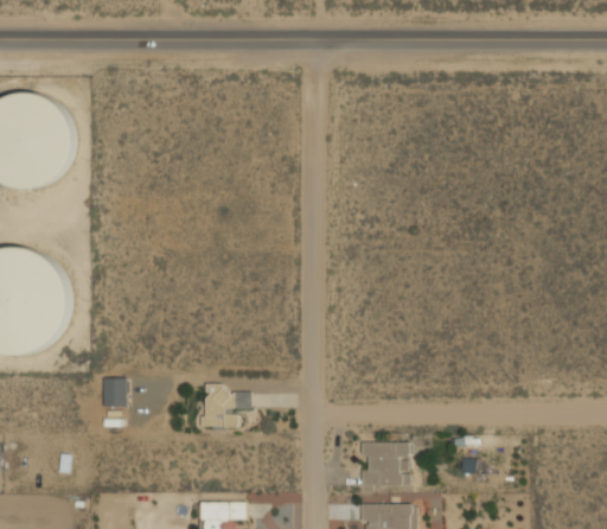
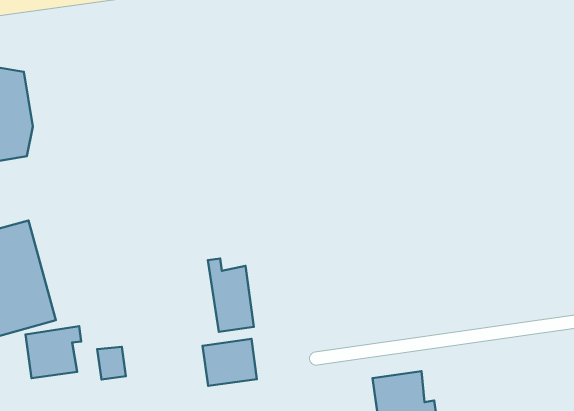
building: none -> [208,259,254,332]
building: none -> [26,326,81,378]

